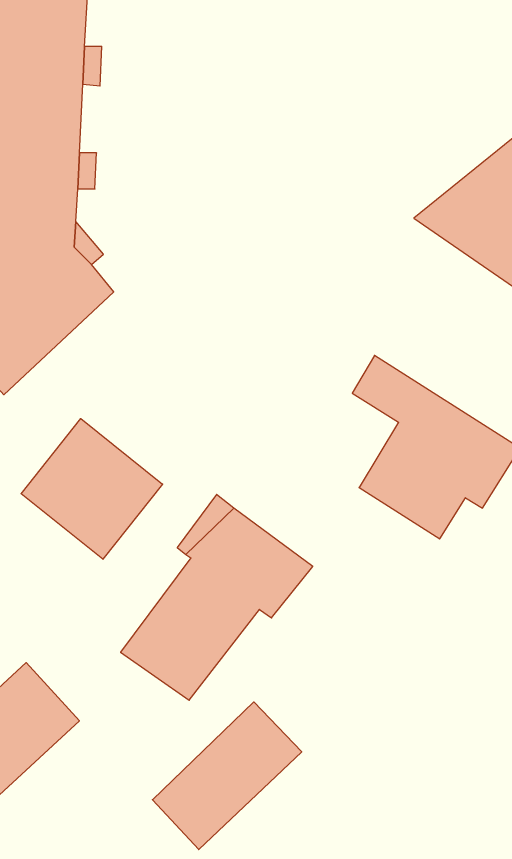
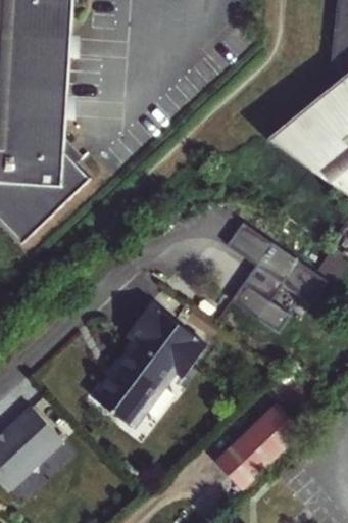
building: [21,419,163,559] -> none
building: [152,702,302,850] -> [214,403,303,491]

